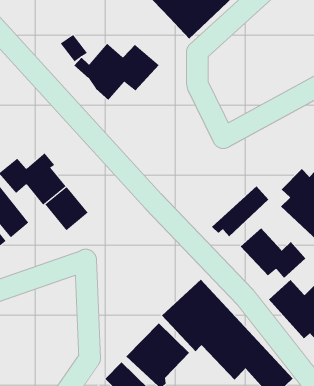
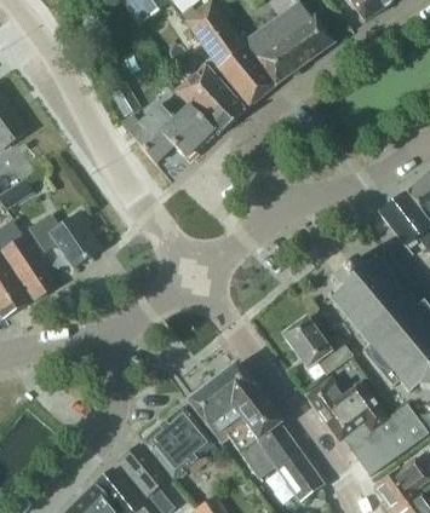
building: none -> [178,63,247,133]
building: [211,186,269,237] -> none
building: [44,186,88,231] -> none

